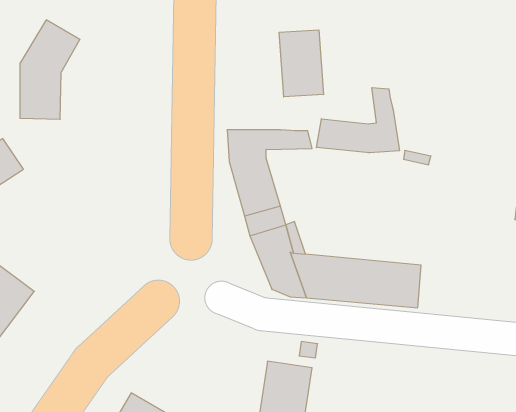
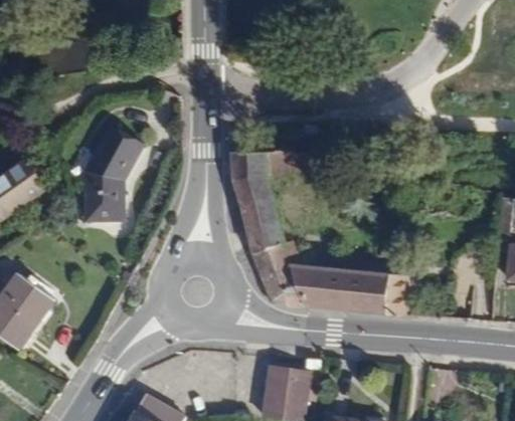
building: [20,20,80,119] -> [82,131,138,222]
building: [279,30,323,97] -> none
building: [316,88,399,153] -> none

